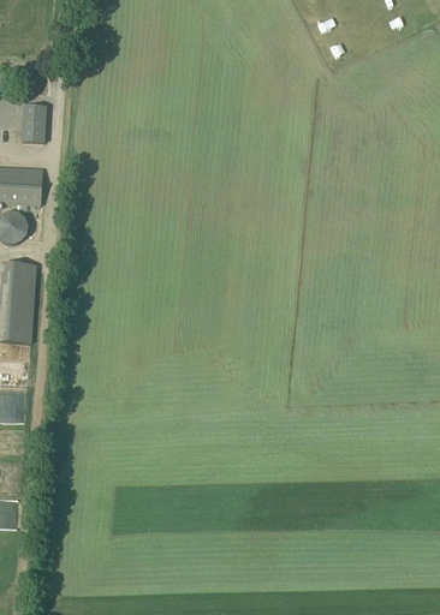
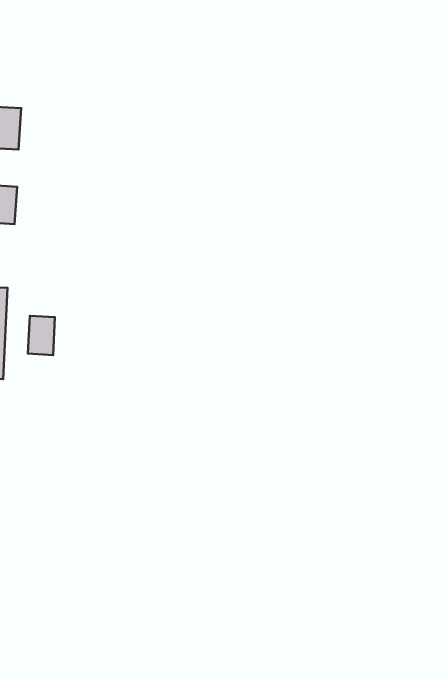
building: none -> [28,316,55,355]

